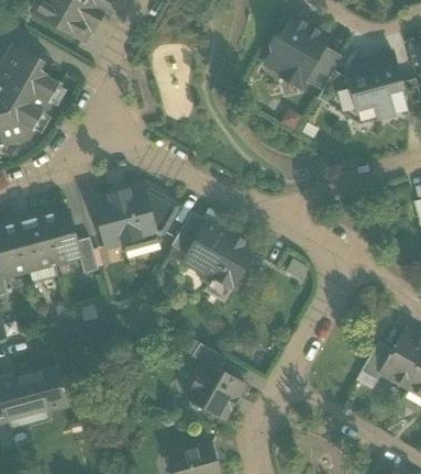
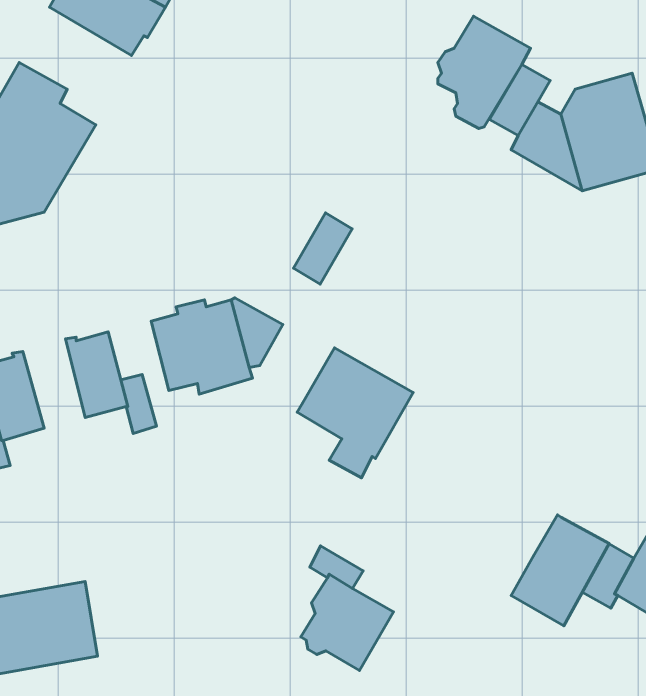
building: [171,211,208,255] -> [294,213,352,284]
building: [15,216,54,271] -> none
building: none -> [511,515,609,626]

